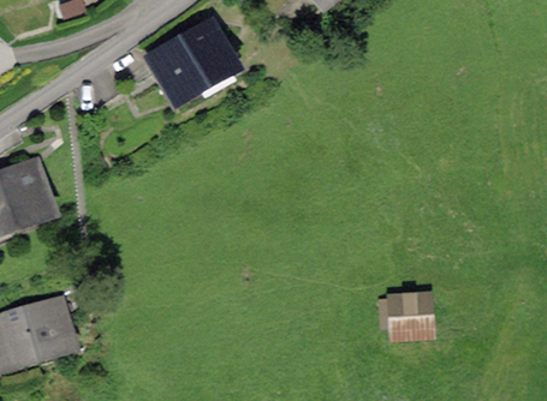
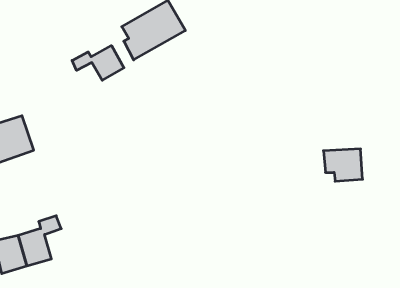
building: none -> [72,46,124,80]
building: [381,293,429,333] -> [323,149,363,181]

